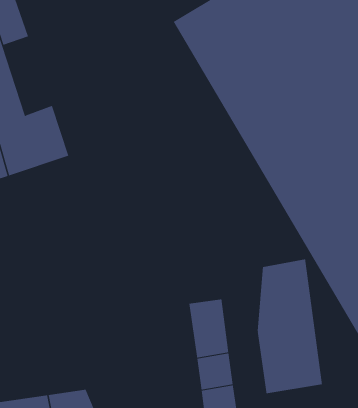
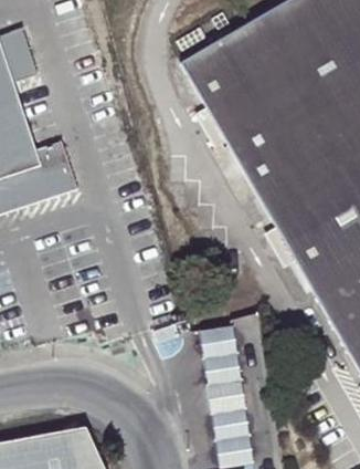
building: [257,259,322,394] -> none

